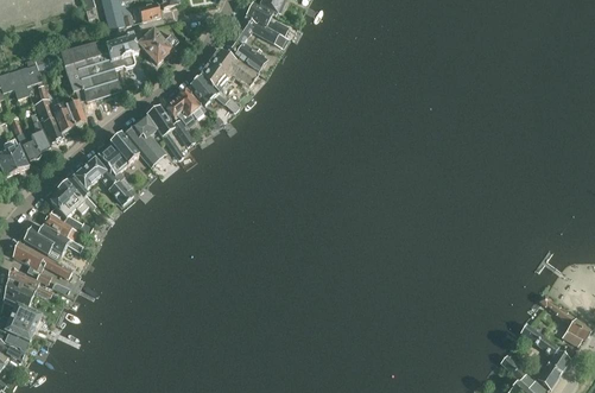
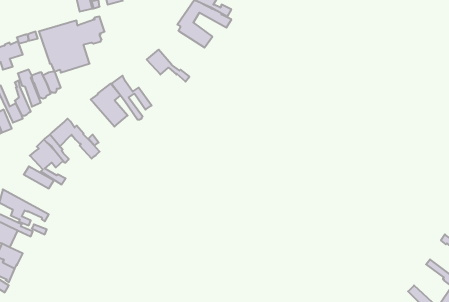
building: [132,30,179,62] -> none
building: [203,47,258,93] -> none
building: [166,88,205,122] -> none
building: [97,134,139,173] -> none
building: [24,224,70,259] -> none

